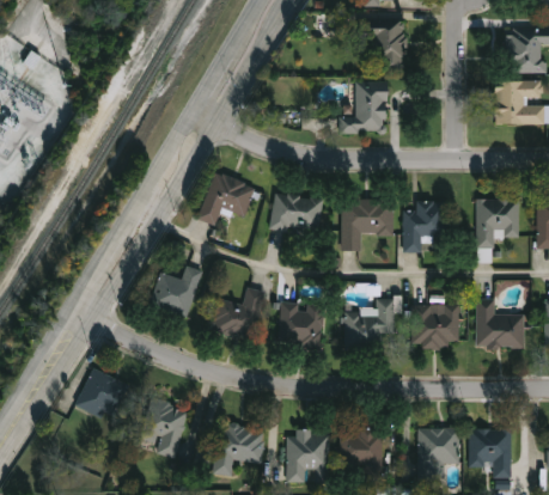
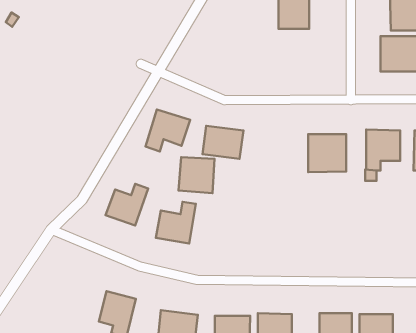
building: [340,81,389,133] -> none
building: [342,200,394,250] -> none
building: [344,298,397,348] -> none
building: [279,302,324,348] -> [178,157,214,193]
building: [413,305,459,347] -> none
building: [476,306,524,348] -> none
building: [77,368,130,422] -> none

